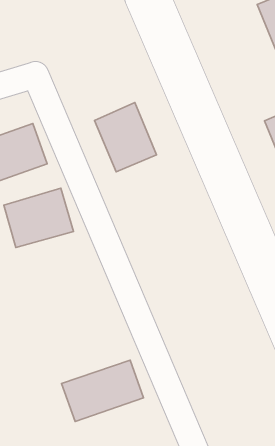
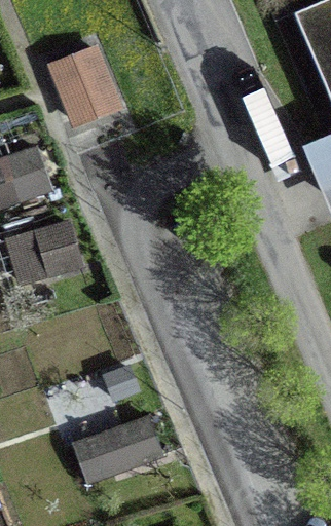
building: [94,103,157,172] -> [50,47,121,126]

